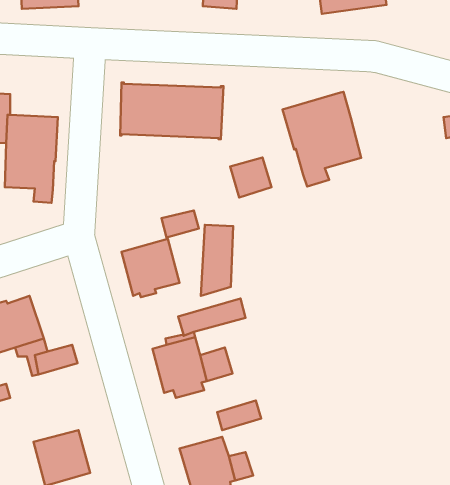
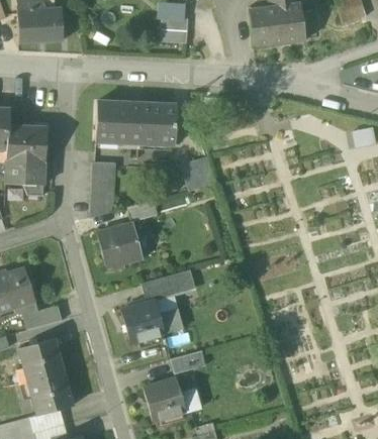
building: [282,92,361,186] -> none
building: [201,225,233,296] -> [90,162,115,218]
building: none -> [19,338,64,381]

